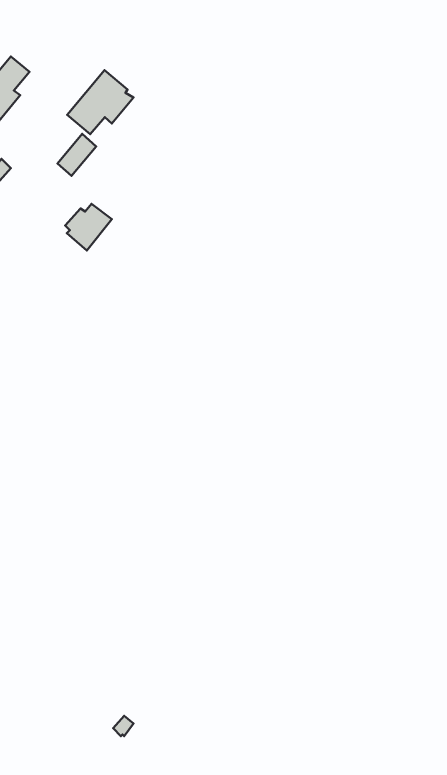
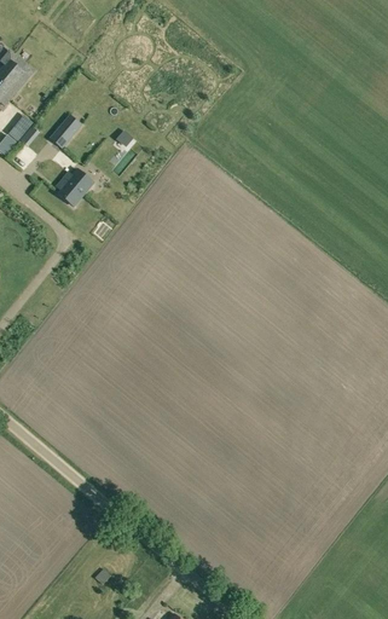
building: [67,70,134,134] -> none

